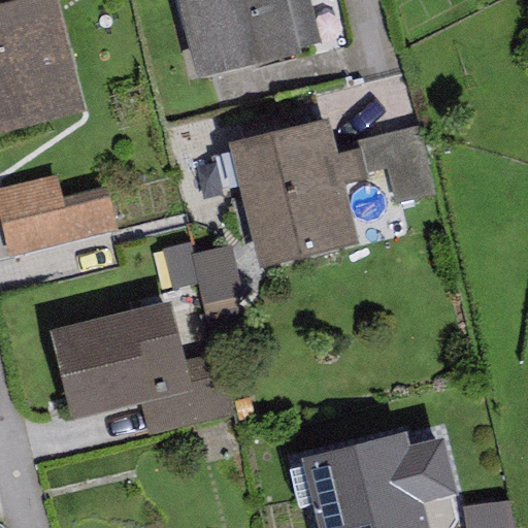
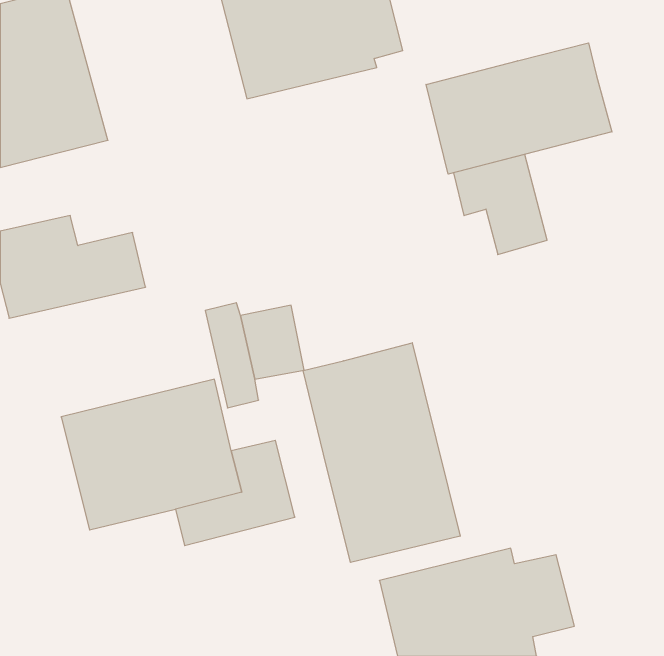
building: none -> [426,43,612,174]
building: [227,119,366,268] -> none
building: none -> [303,343,460,562]

